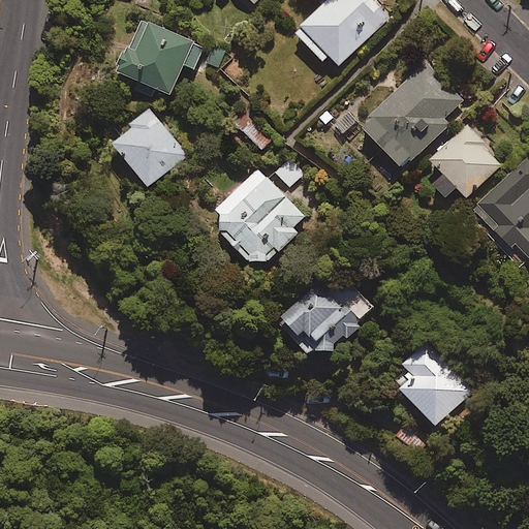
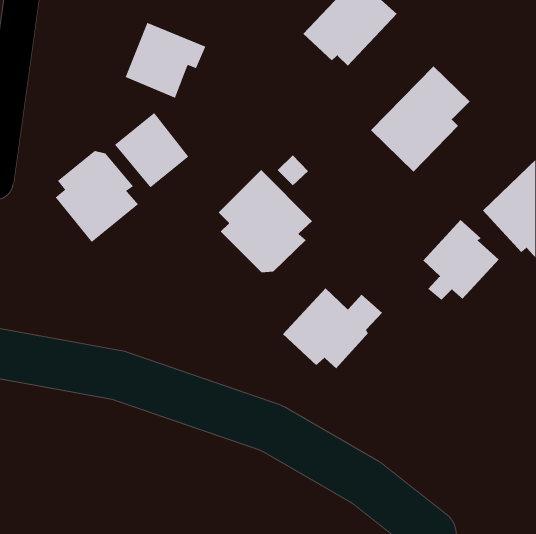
building: [429,119,504,198] -> [422,219,500,301]
building: none -> [55,150,139,243]
building: [388,341,474,426] -> none

